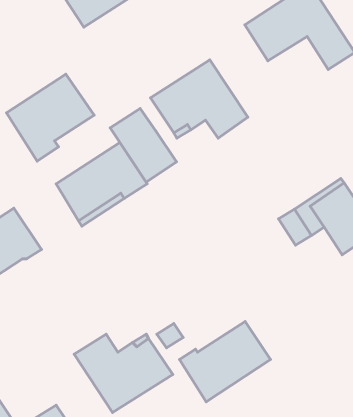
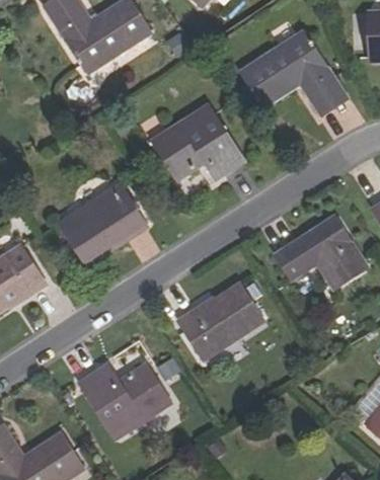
building: [6,74,94,161] -> none
building: [110,108,177,182] -> none
building: [180,322,271,402] -> [177,284,264,361]

